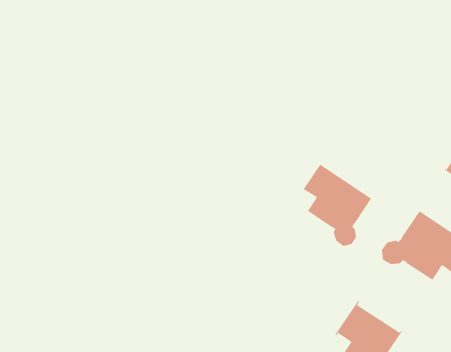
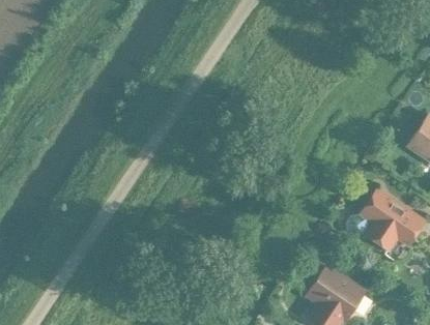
building: [303,164,372,247] -> none

